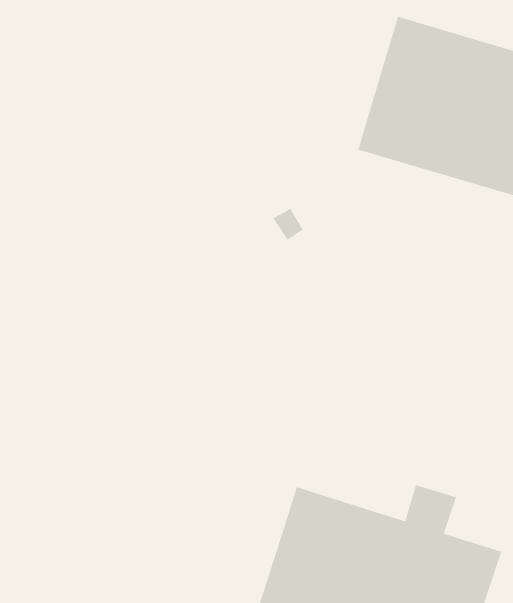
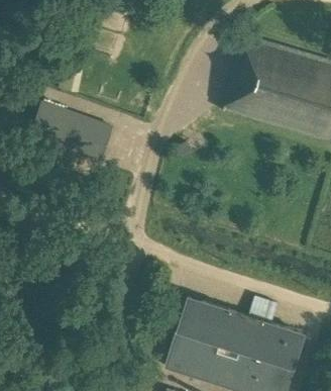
building: none -> [28,103,111,163]

